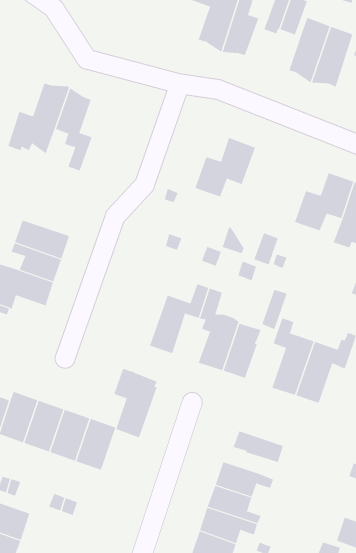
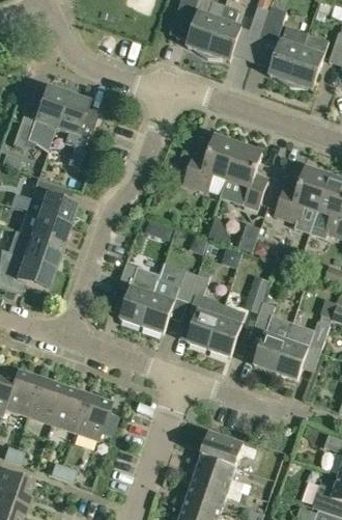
building: none -> [222,145,268,209]
building: none -> [26,179,77,226]
building: [113,368,158,438] -> [118,263,159,327]
building: [233,431,284,463] -> none

